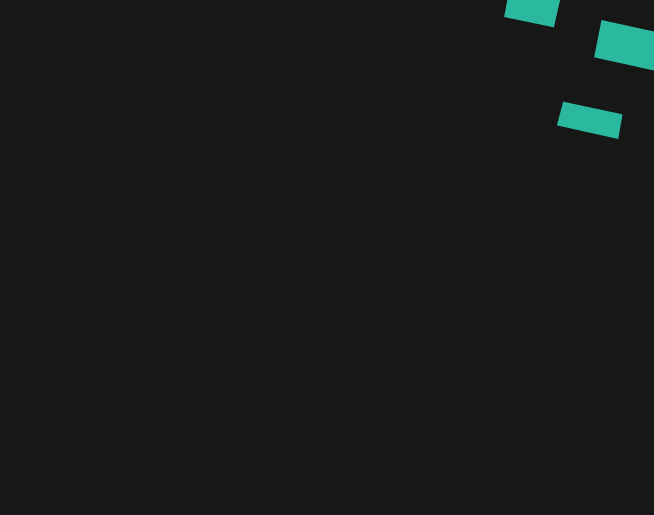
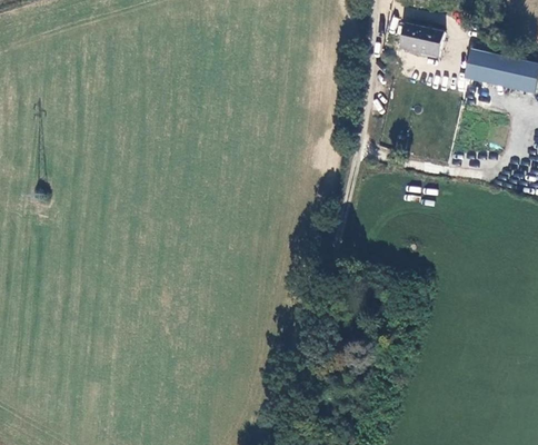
building: [556,101,624,140] -> none

